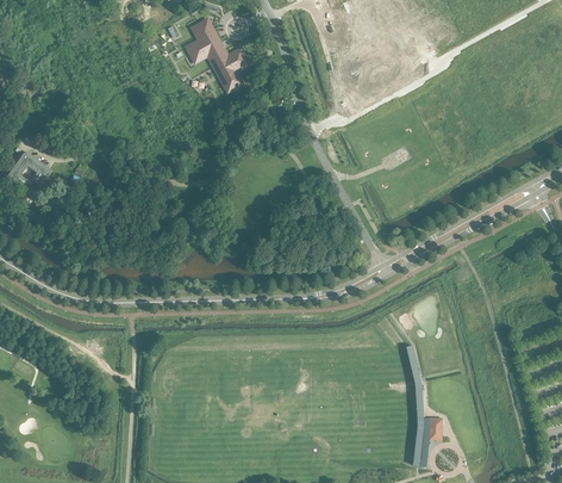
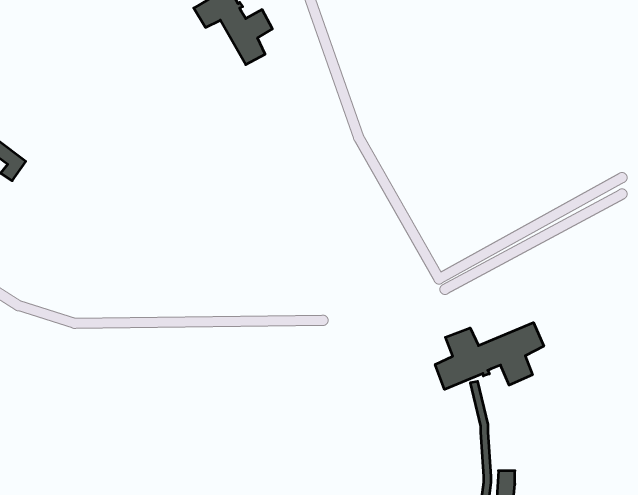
building: none -> [435,323,544,389]

